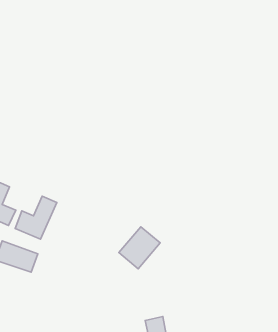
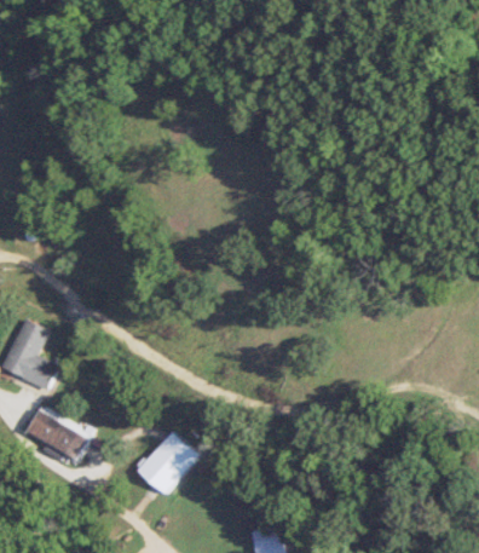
building: [15,196,57,239] -> none
building: [119,227,160,269] -> [135,431,197,494]

